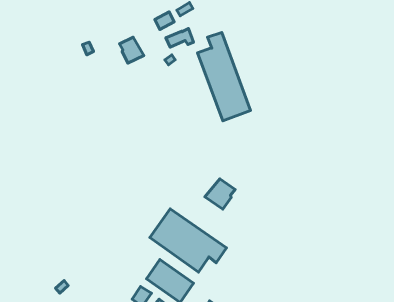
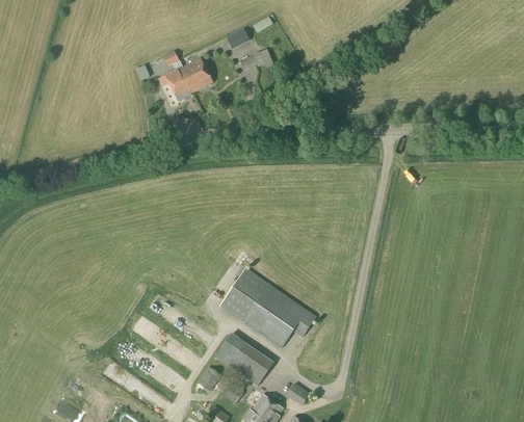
building: none -> [163,49,193,100]
building: [197,32,250,121] -> none
building: [205,179,235,209] -> none

